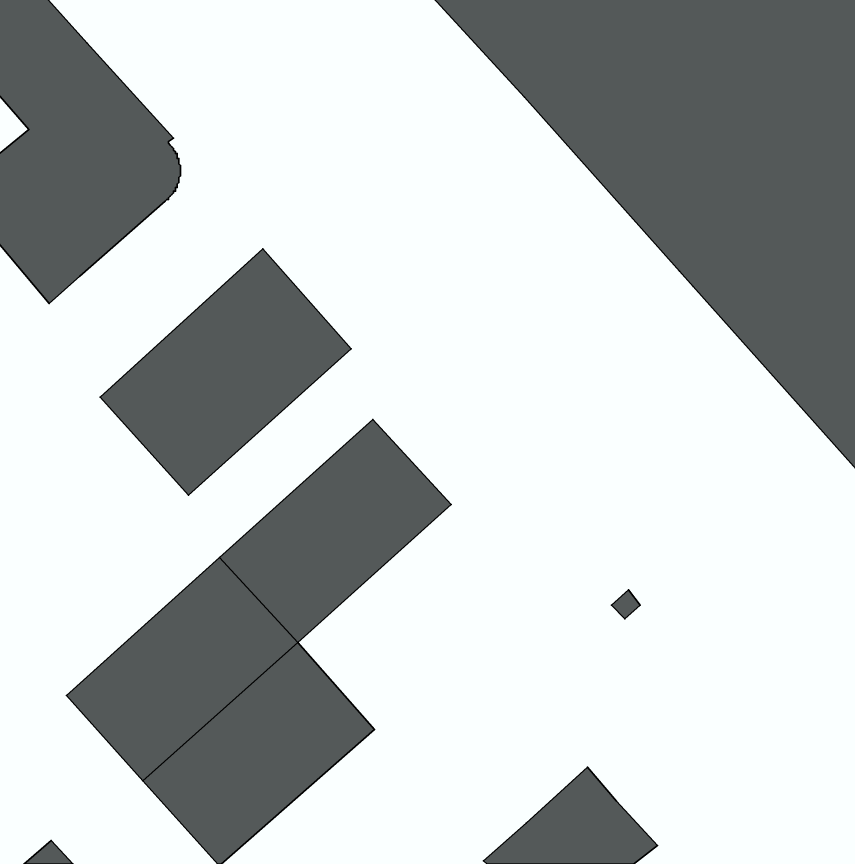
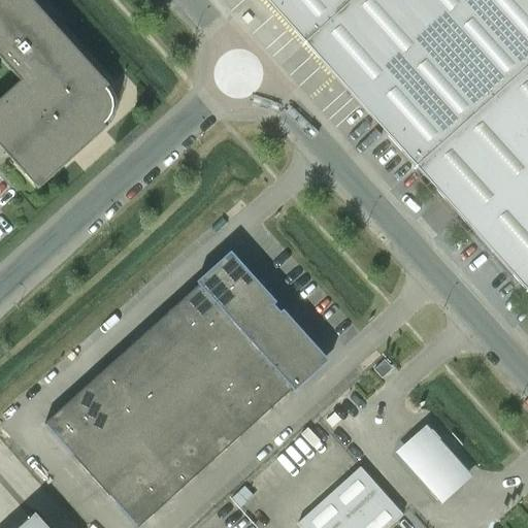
building: [100,249,351,495] -> none
building: none -> [186,306,325,442]
building: none -> [396,420,472,499]

